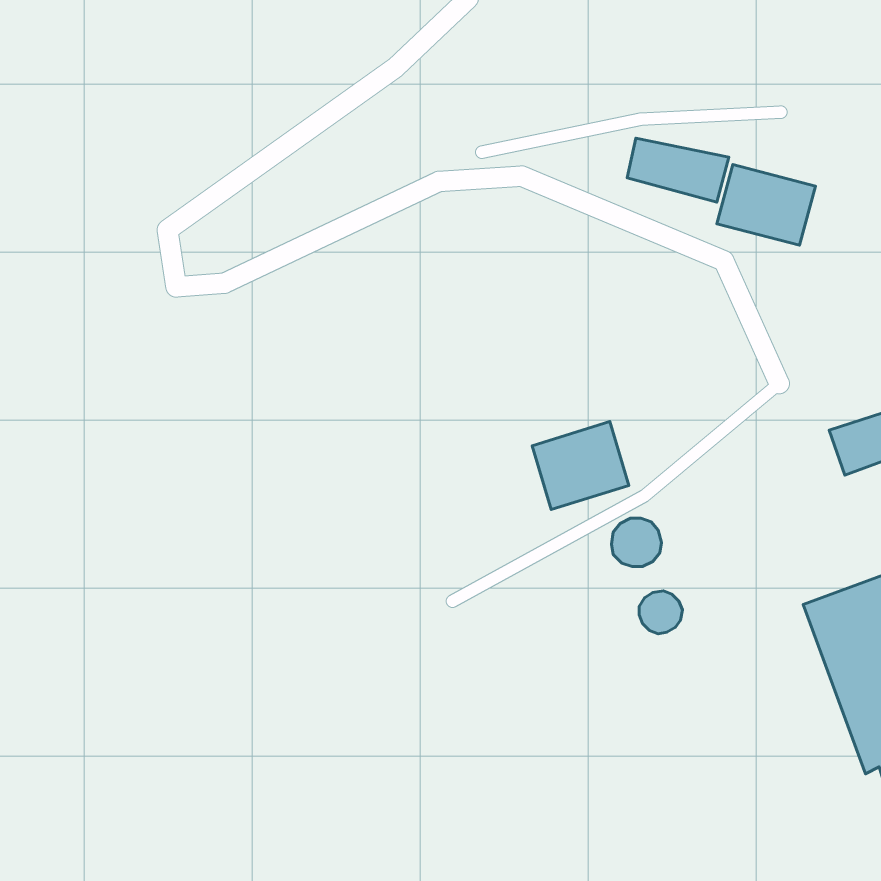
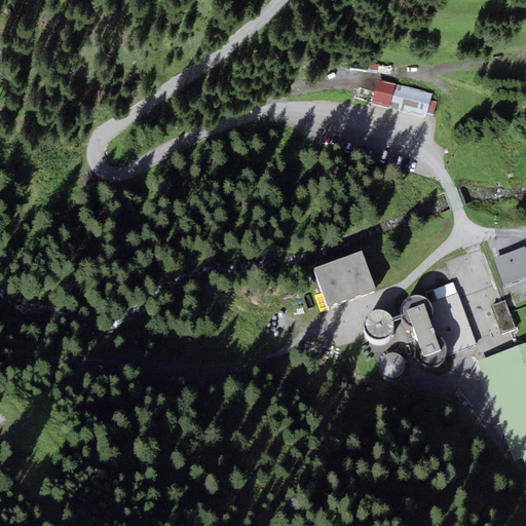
building: [717,165,816,245] -> none
building: none -> [403,280,477,364]
building: none -> [492,300,517,332]

